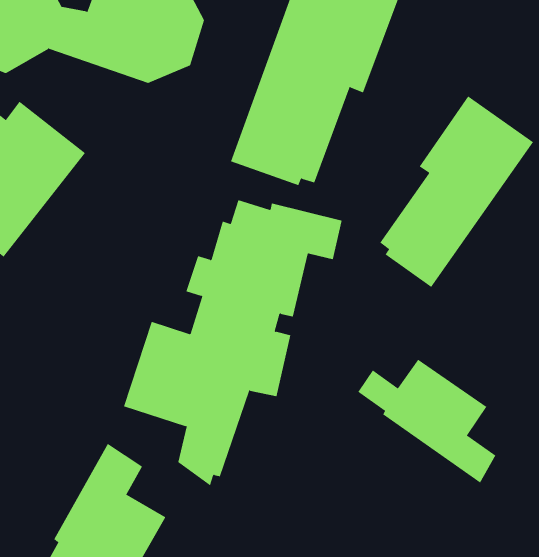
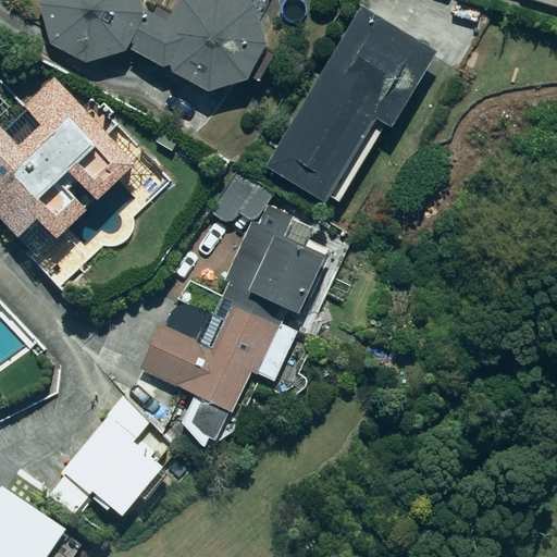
building: [380,96,534,288] -> none
building: [357,359,496,484] -> none

